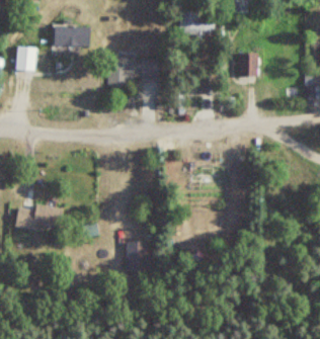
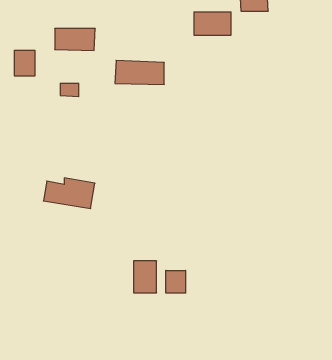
building: [241,55,258,77] -> none
building: [16,204,64,233] -> [43,178,95,209]
building: none -> [166,270,186,293]

